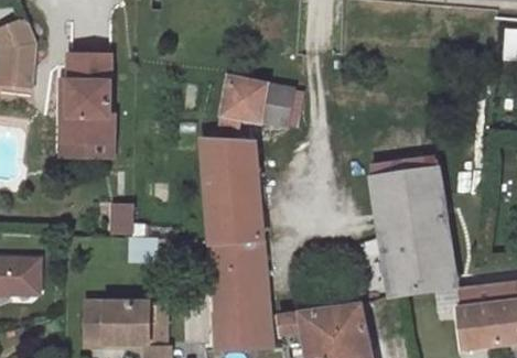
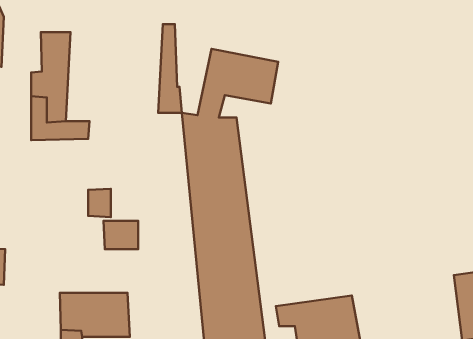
building: [93,59,115,142] -> [158,24,182,113]
building: [368,166,453,293] -> none

